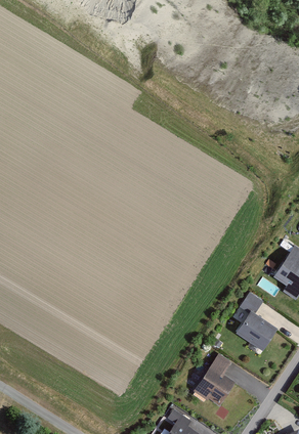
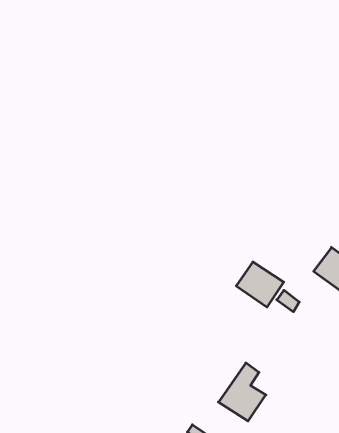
building: [239,312,280,351] -> [236,262,284,307]

